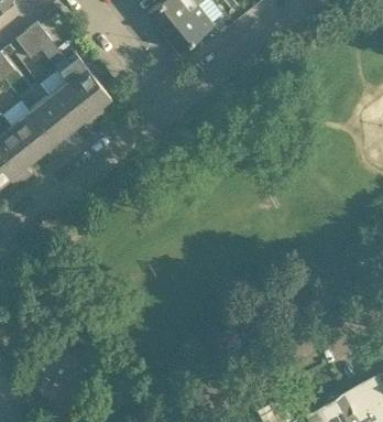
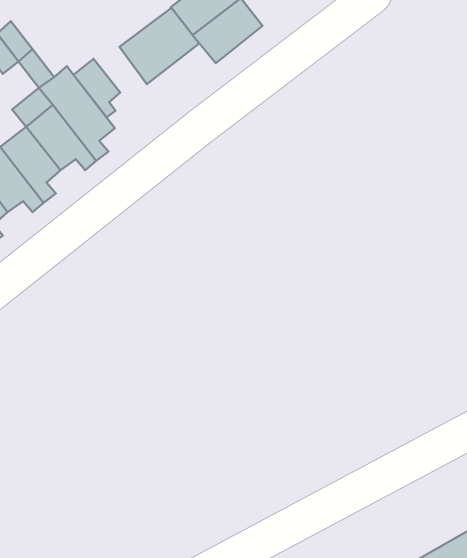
building: none -> [120,8,199,84]
building: none -> [73,59,120,117]

